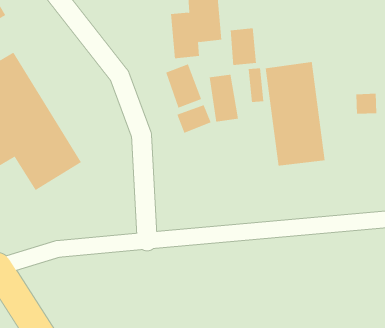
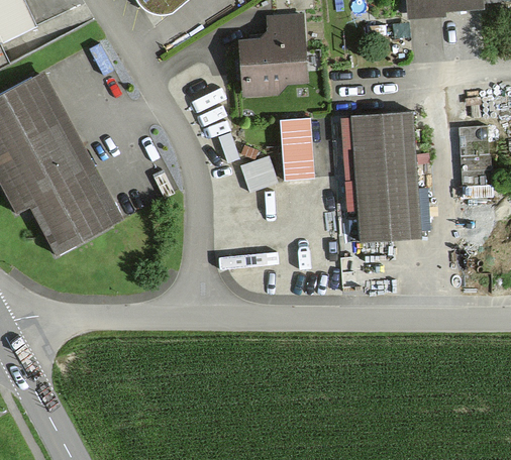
building: [230,27,257,66] -> none
building: [166,64,202,108] -> none

